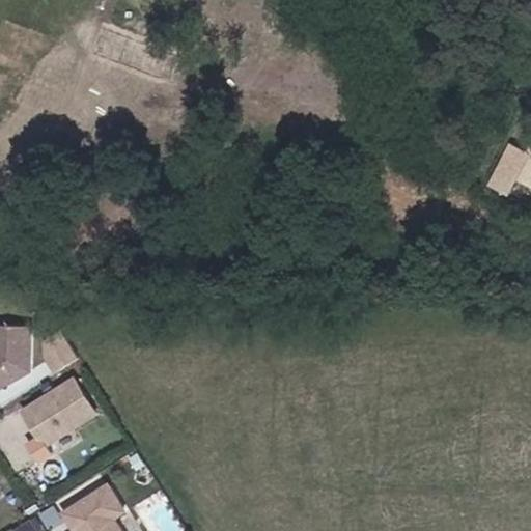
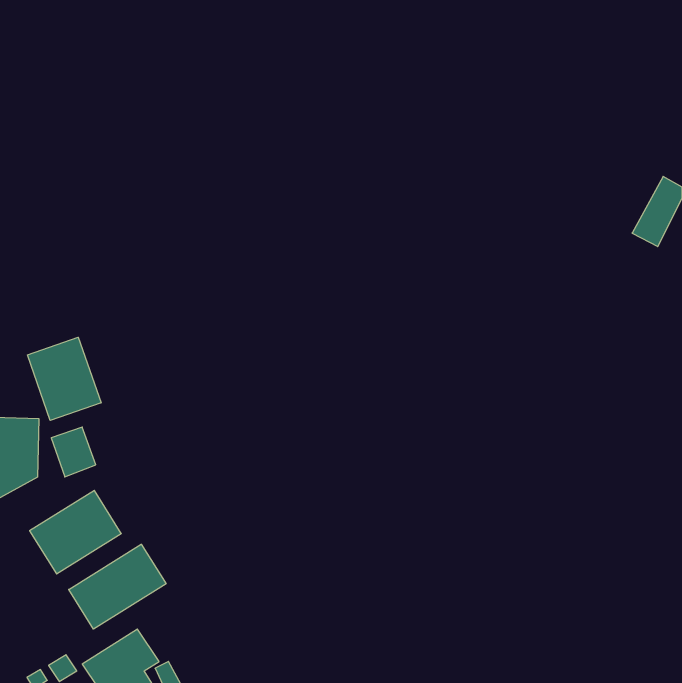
building: none -> [27,337,101,420]
building: none -> [69,544,166,629]

